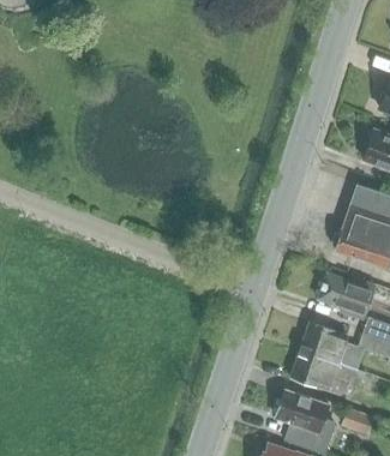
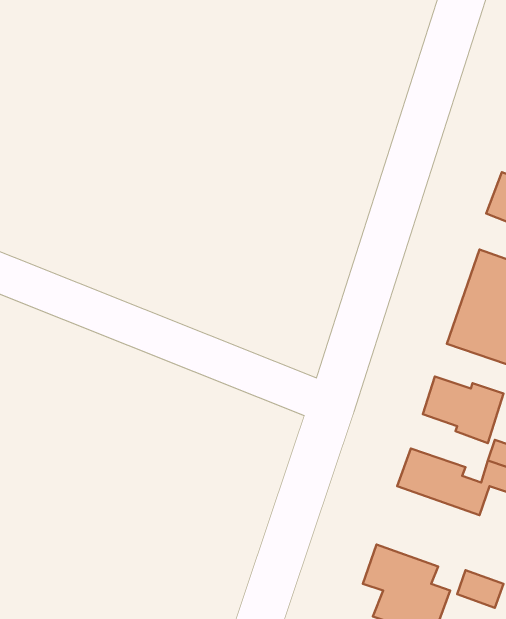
building: [290,349,365,396] -> none

